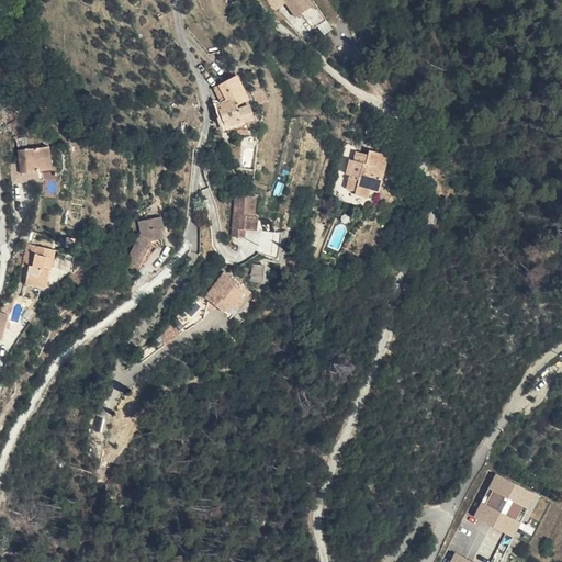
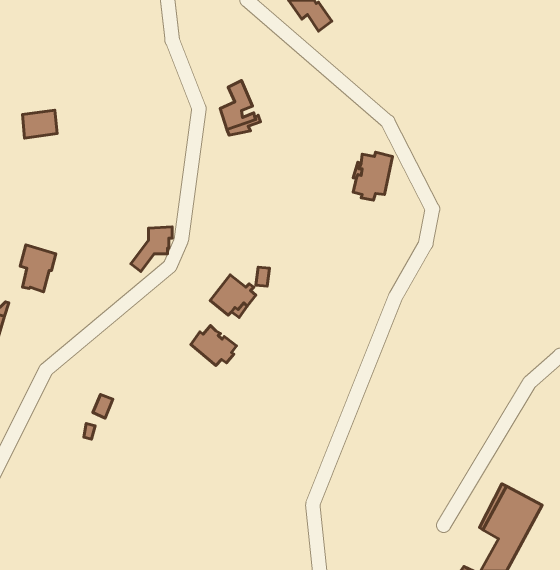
building: [19,145,53,172] -> [22,110,57,138]
building: [229,194,252,237] -> none
building: none -> [191,326,236,365]

